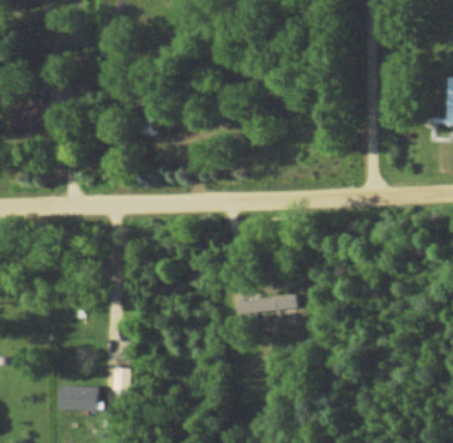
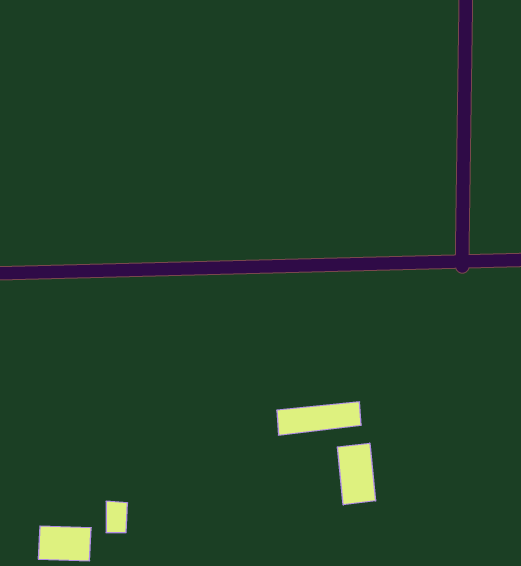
building: none -> [337,443,376,505]

